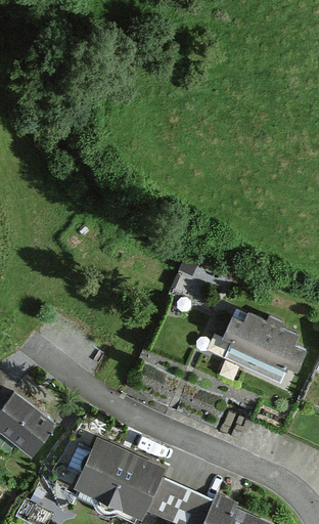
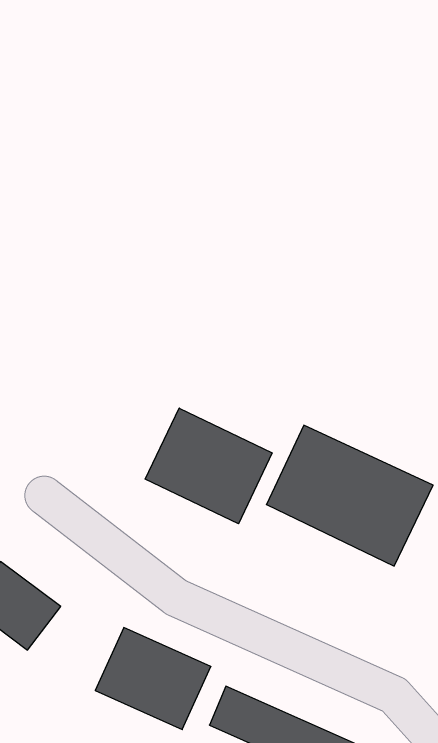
building: none -> [145,408,272,524]

